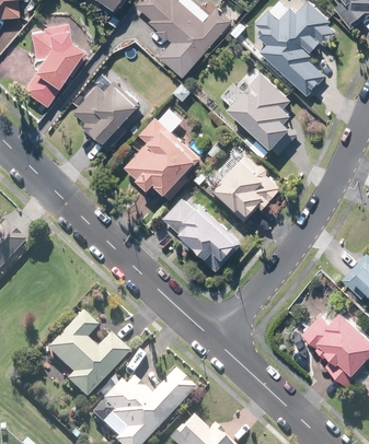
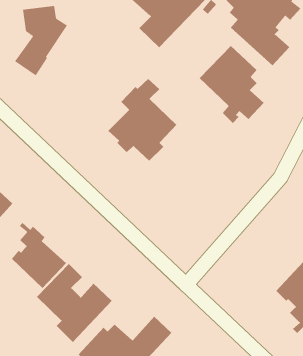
building: [74,81,138,143] -> none
building: [212,157,280,221] -> none
building: [163,197,234,265] -> none
building: none -> [11,222,67,289]

